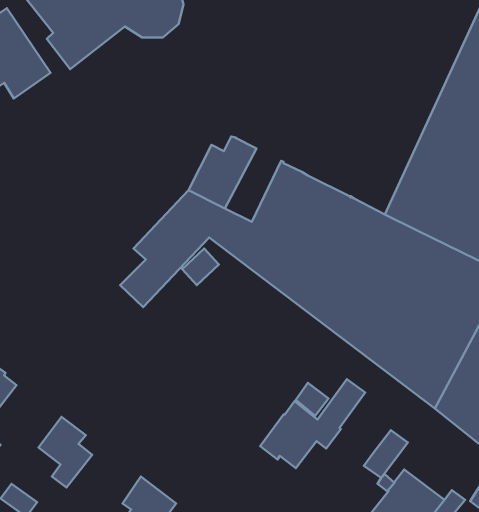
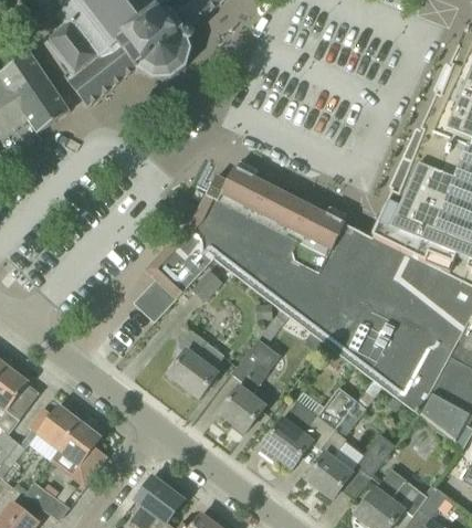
building: none -> [229,178,280,244]
building: none -> [169,329,224,397]
building: none -> [220,338,282,432]
building: none -> [30,404,81,448]
building: none -> [306,432,353,498]

